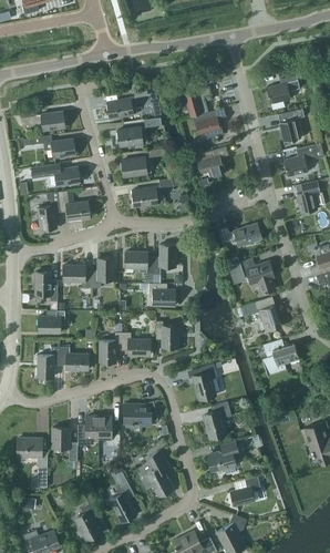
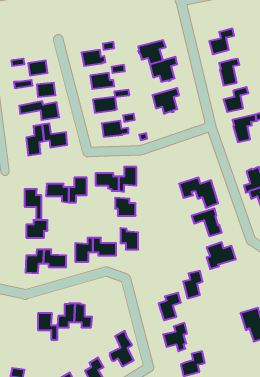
building: [219,224,261,246] -> none
building: [193,363,217,398] -> [183,271,203,298]
building: [124,401,157,427] -> none
building: [18,439,47,488] -> none

